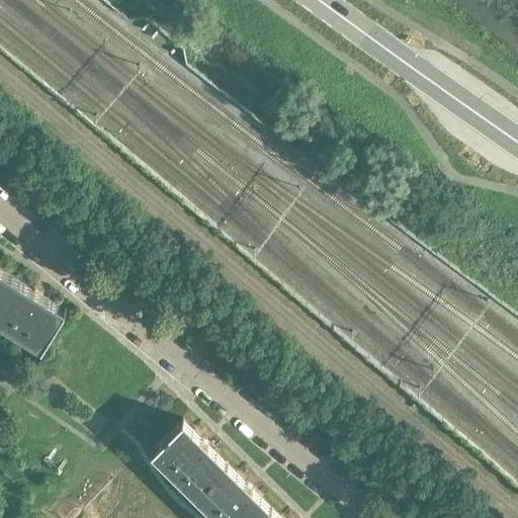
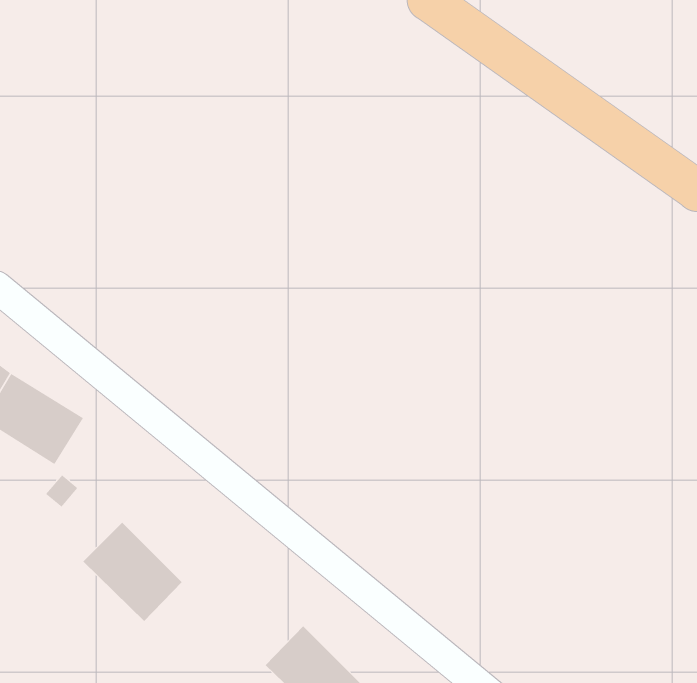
building: [150,430,224,504] -> [82,522,183,622]

